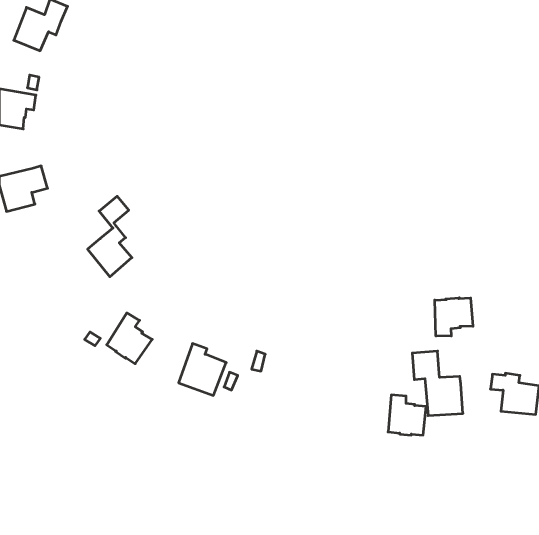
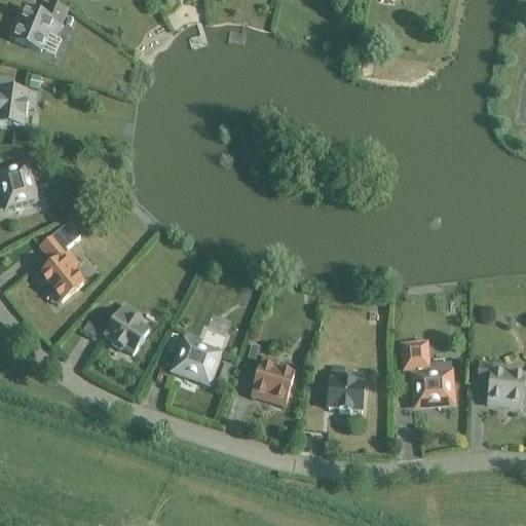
building: [88,196,132,277] -> [39,222,82,300]
building: [435,298,473,336] -> none
building: none -> [252,355,293,401]
building: [388,395,426,435] -> [327,371,364,410]

